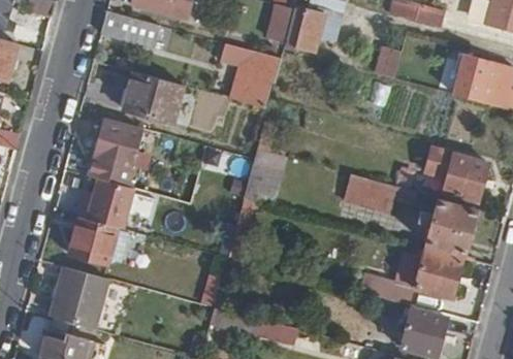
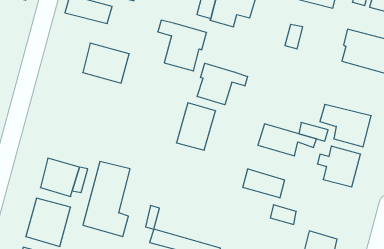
building: none -> [197,63,248,105]
building: [83,122,142,217] -> [83,161,130,237]
building: none -> [243,169,285,198]
building: [415,251,462,298] -> none

